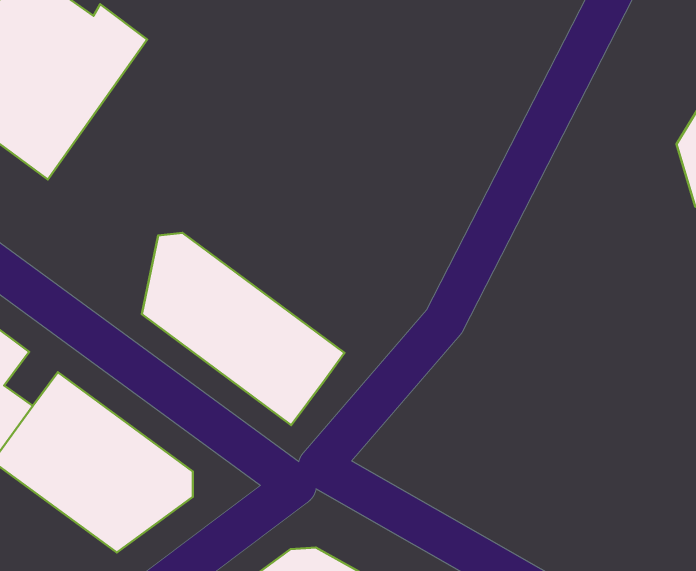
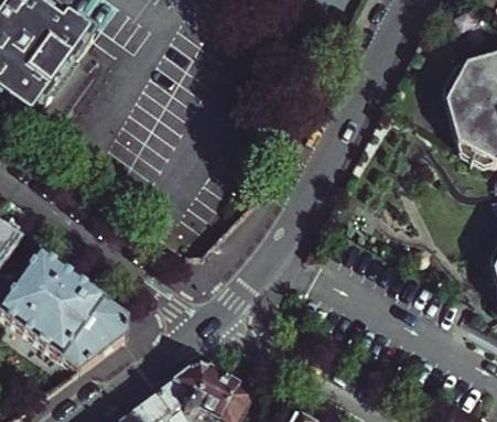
building: [142,233,344,425] -> none

